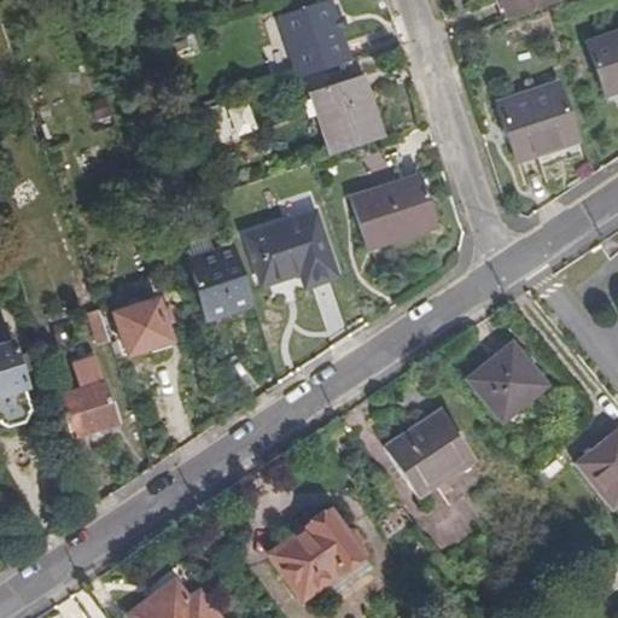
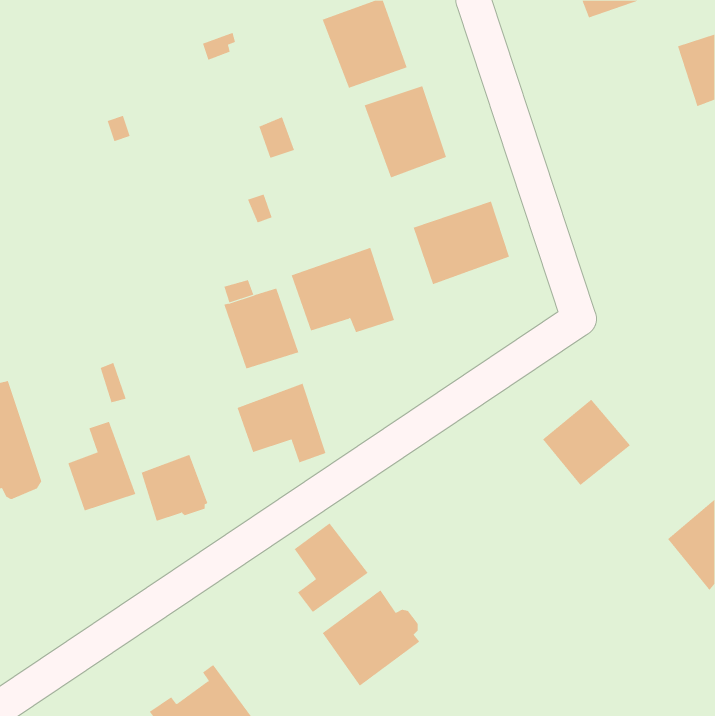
building: [503,81,581,156] -> none
building: [118,297,176,355] -> [141,454,208,522]
building: none -> [237,383,326,463]
building: [384,408,473,499] -> none
building: none -> [294,522,368,613]

